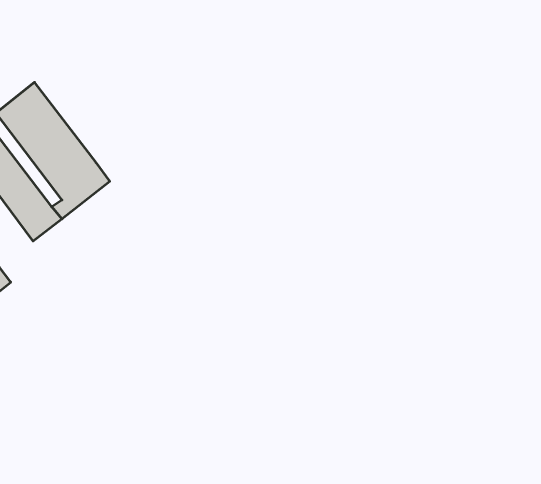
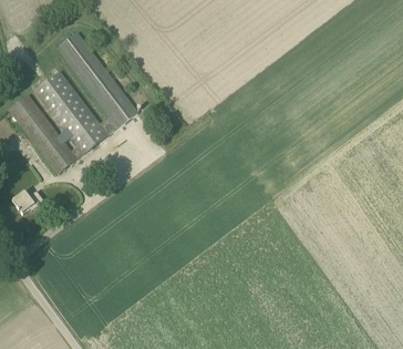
building: none -> [58,32,137,134]

